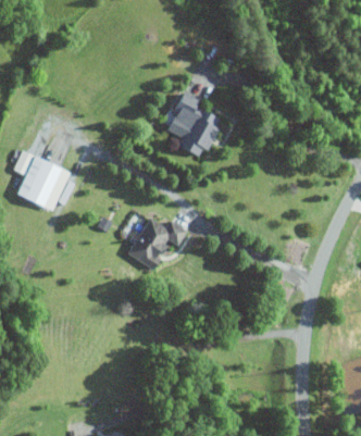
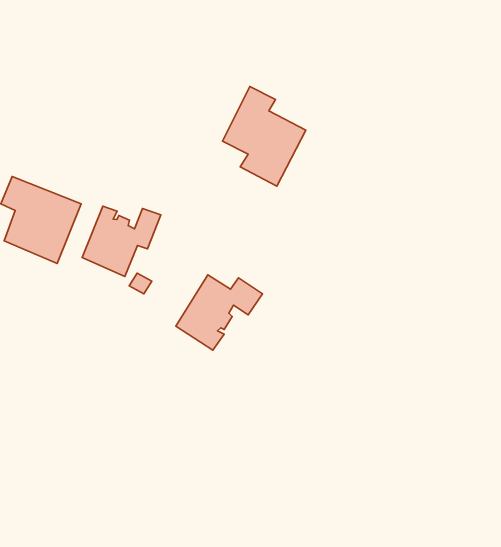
building: none -> [82,206,161,276]

